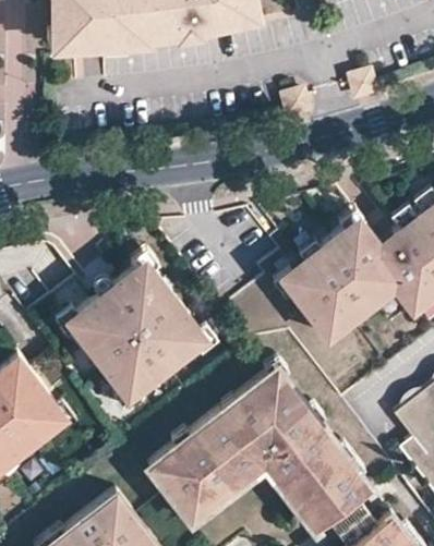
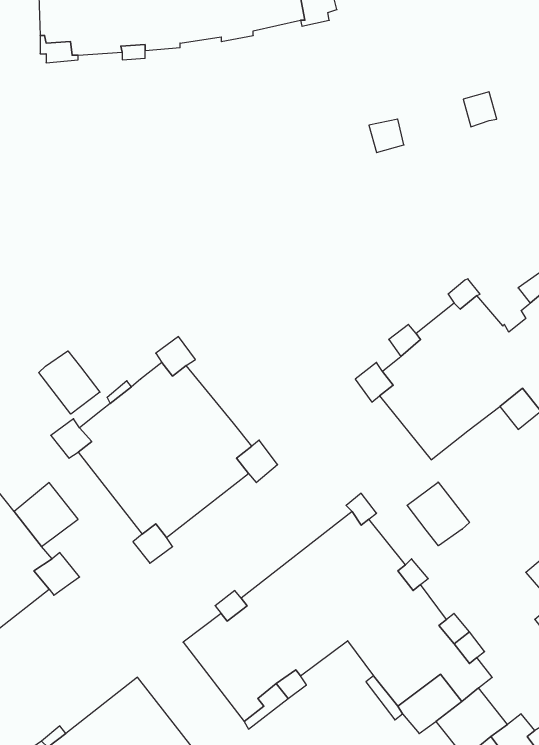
building: none -> [39,351,100,414]
building: none -> [407,482,469,546]

